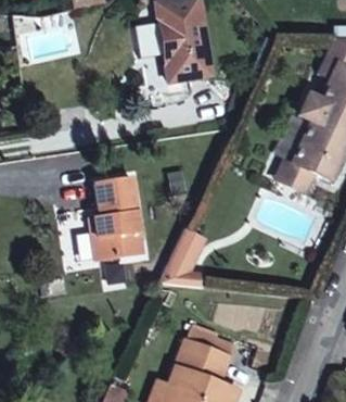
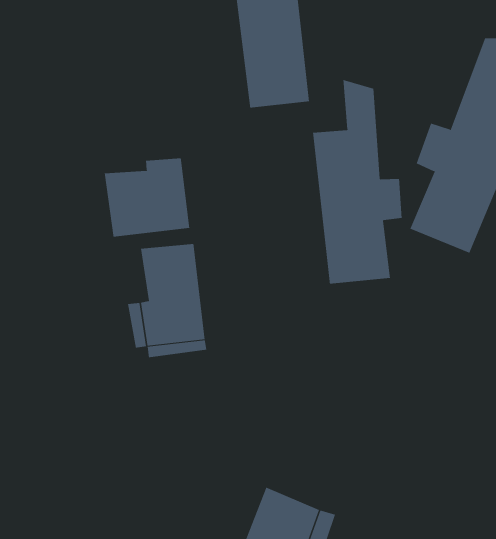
building: none -> [313,79,402,285]
building: none -> [104,158,190,238]

